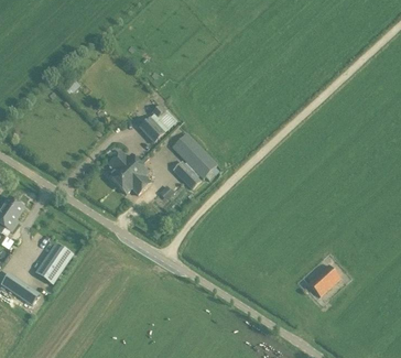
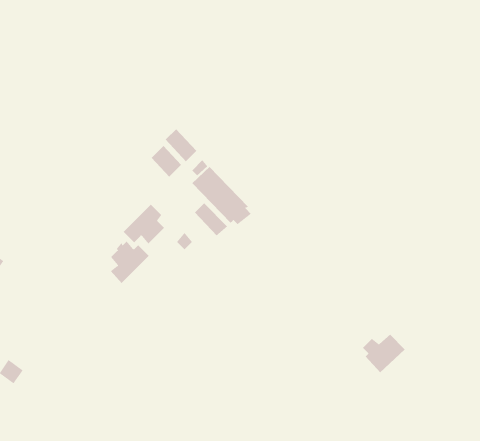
building: [108,150,139,184] -> [110,240,149,284]
building: [35,242,72,283] -> none

